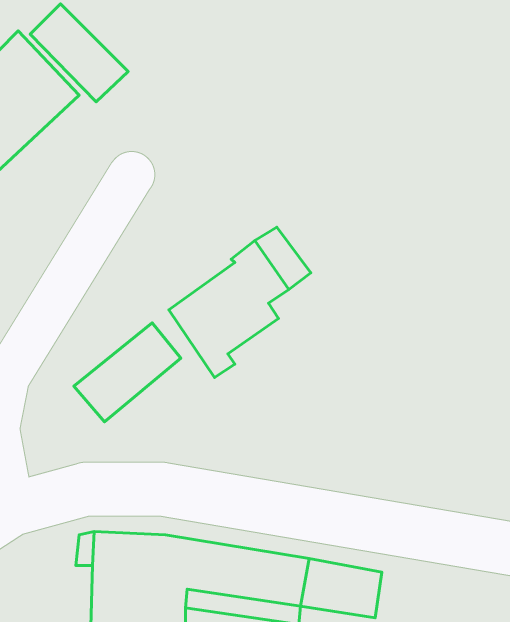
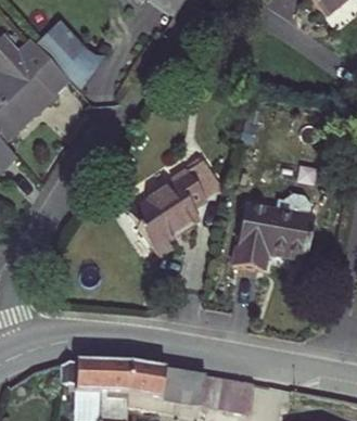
building: none -> [235,192,316,268]
building: [74,323,181,422] -> none

